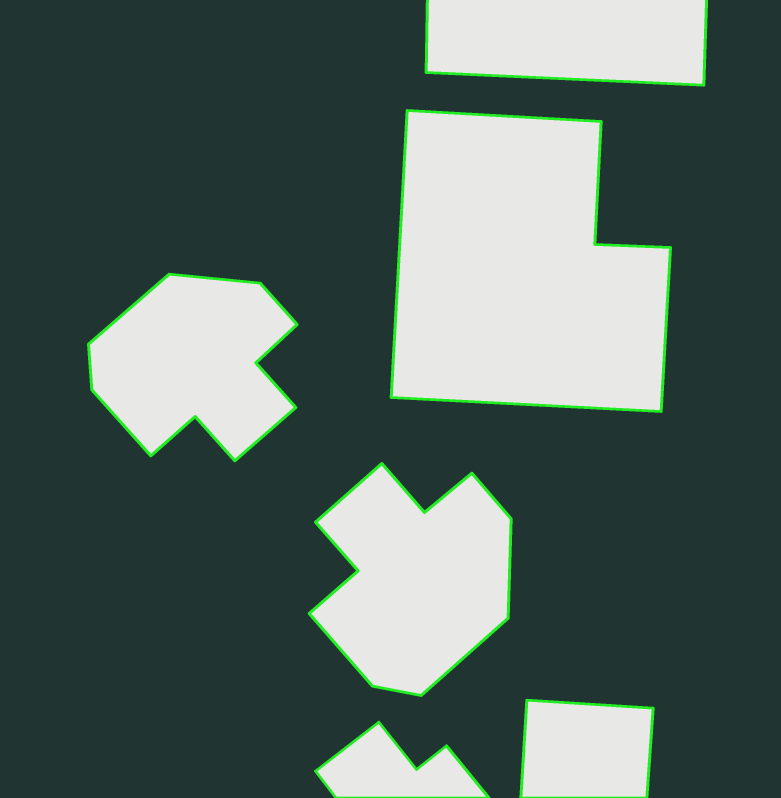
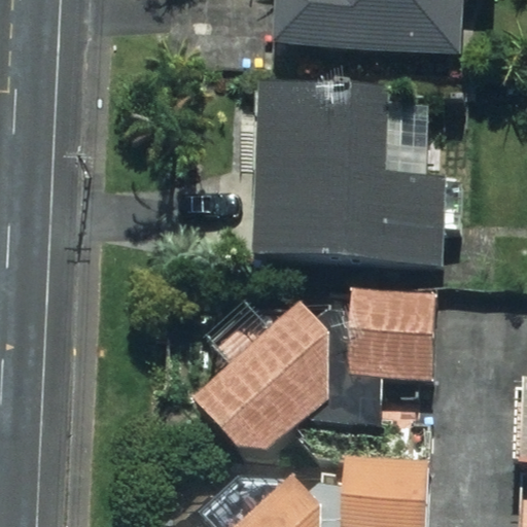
building: [89,274,297,461] -> none
building: none -> [347,286,430,375]

